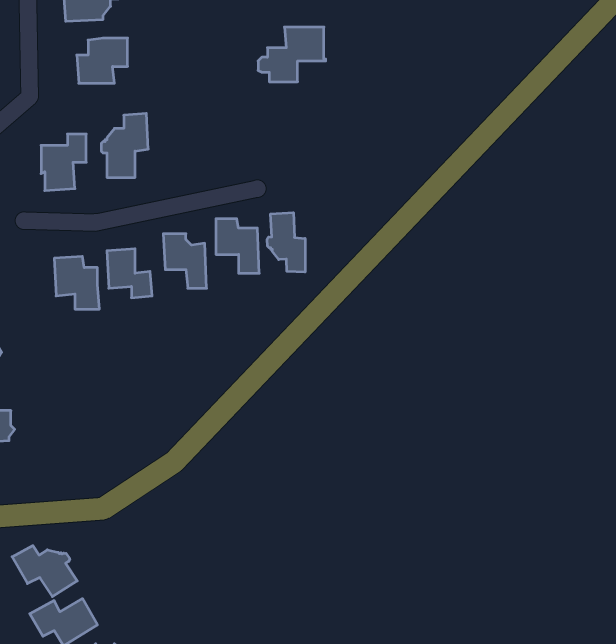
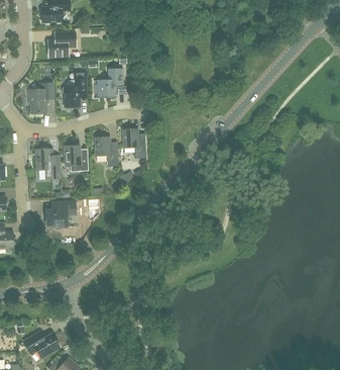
building: [258,27,326,82] -> [93,67,129,96]
building: [267,213,305,272] -> none
building: none -> [45,199,75,225]
building: [12,546,77,597] -> none

